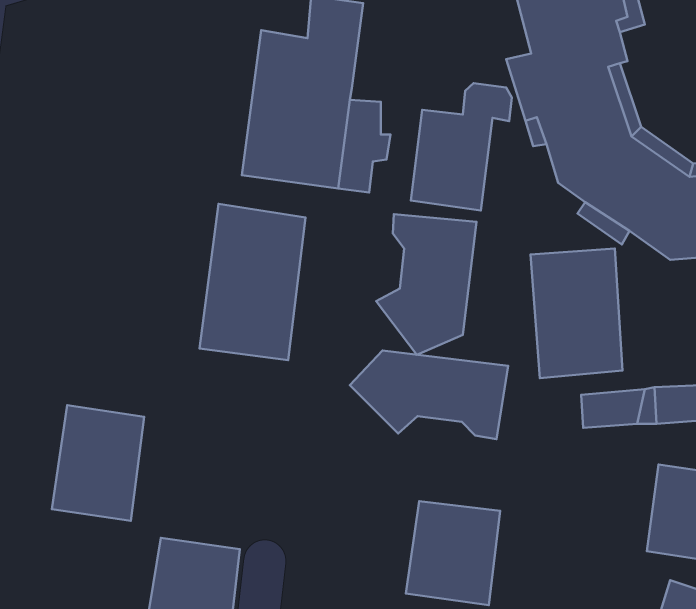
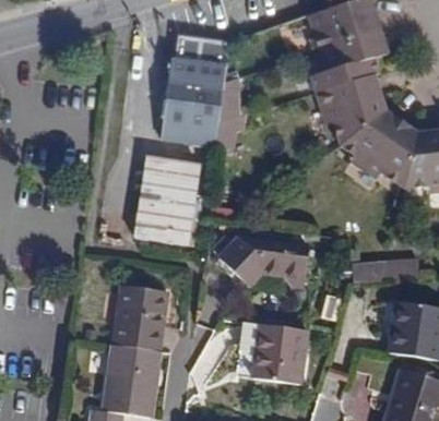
building: [411,83,512,210] -> none
building: [376,214,477,355] -> none
building: [530,248,622,378] -> none
building: [52,405,144,521] -> [114,285,166,350]

